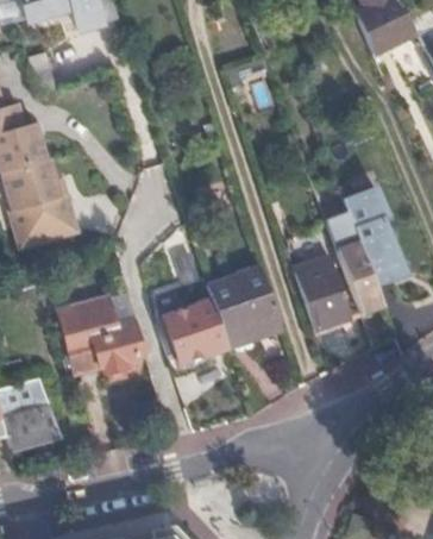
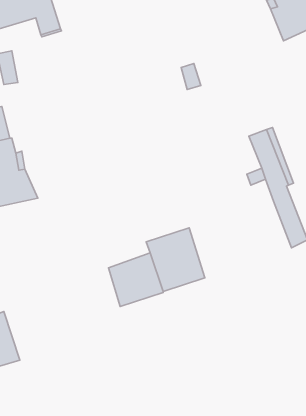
building: [339,242,388,314] -> none
building: [297,261,350,328] -> none
building: [63,303,144,378] -> none

